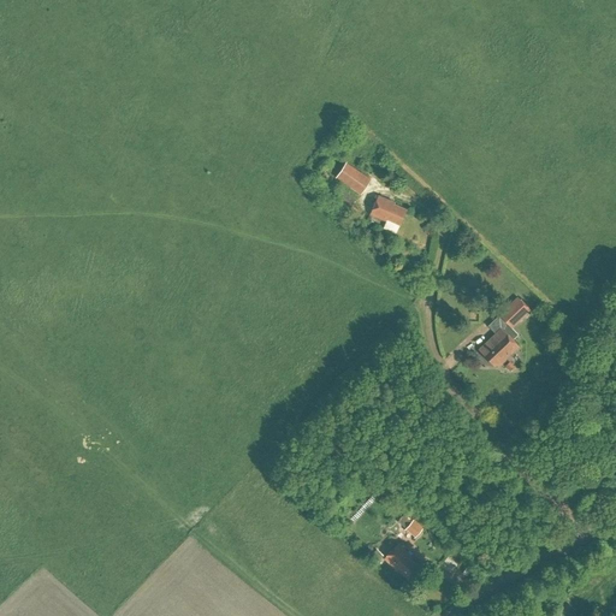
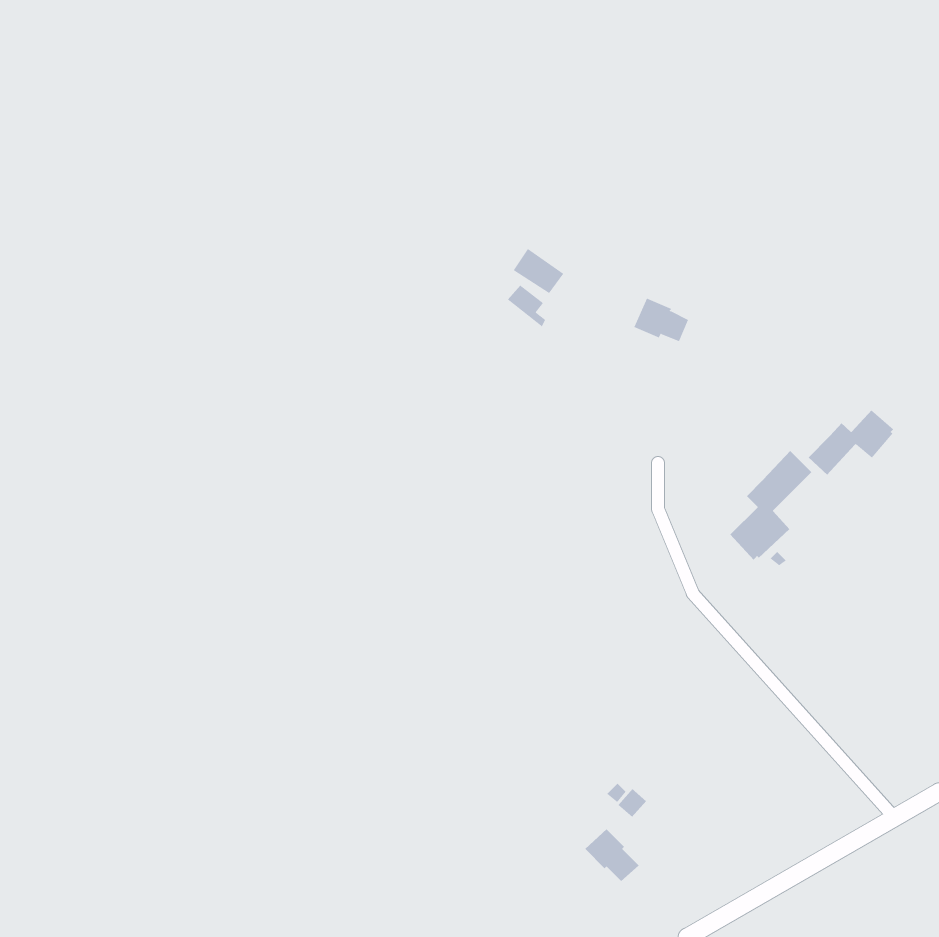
building: [368,195,404,224] -> [634,298,689,342]
building: none -> [808,409,894,476]

